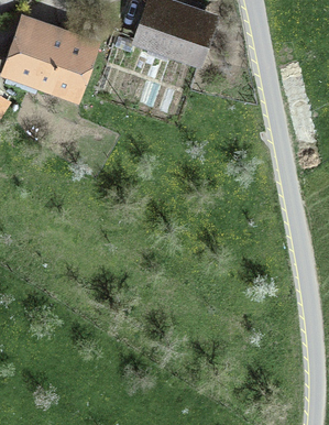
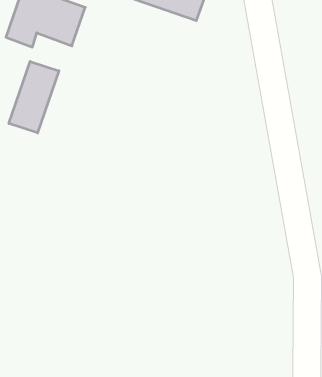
building: none -> [9,61,59,133]

